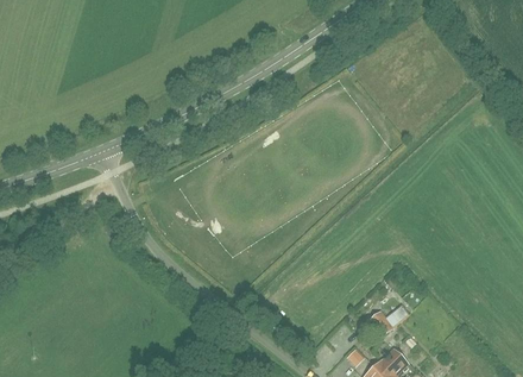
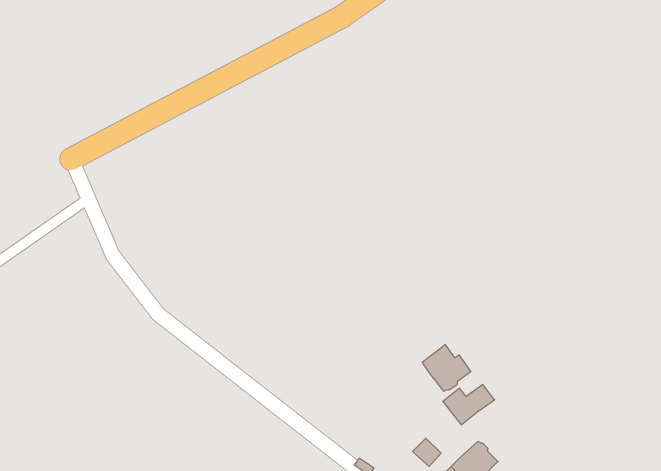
building: none -> [422,344,471,391]

